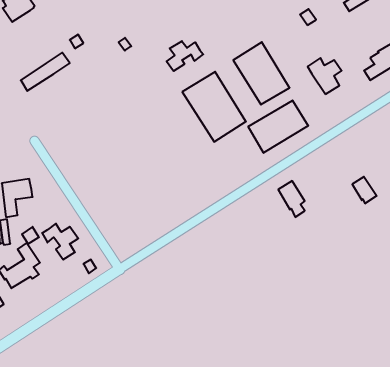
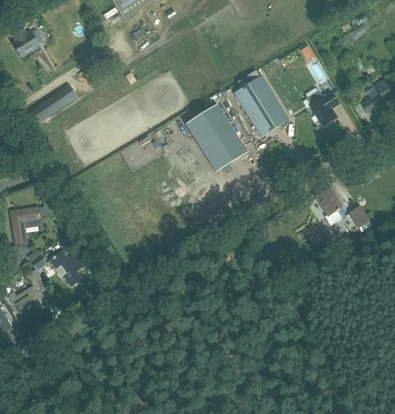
building: [167,41,203,71] -> none
building: [248,100,308,153] -> none
building: [278,181,305,217] -> [316,187,342,222]

